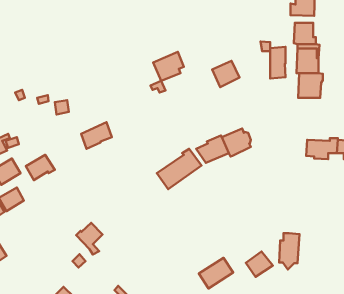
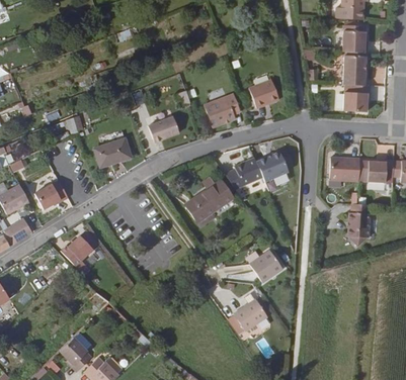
building: [270,47,286,79] -> none
building: [153,52,184,81] -> [206,90,241,123]
building: none -> [150,120,181,142]
building: none -> [325,159,356,184]
building: [76,223,103,255] -> [60,231,90,268]
building: [279,233,299,269] -> [343,203,367,245]
building: [246,251,273,277] -> [251,244,282,273]

